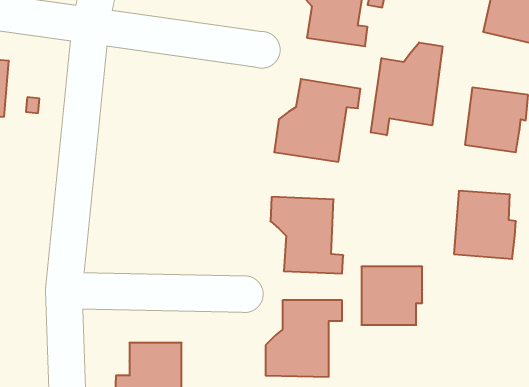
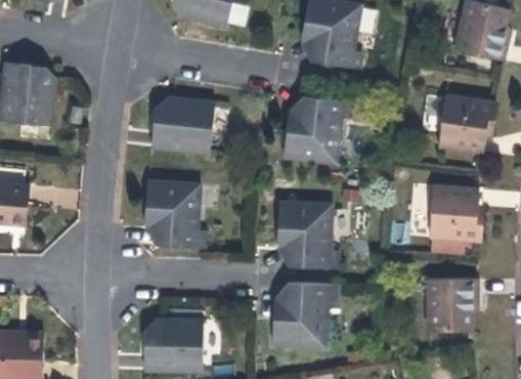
building: [371,42,442,135] -> none
building: none -> [148,102,208,157]
building: none -> [149,184,210,255]
building: [361,267,422,325] -> [426,283,477,332]

